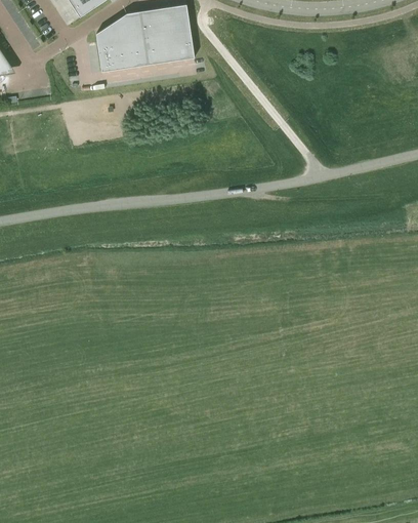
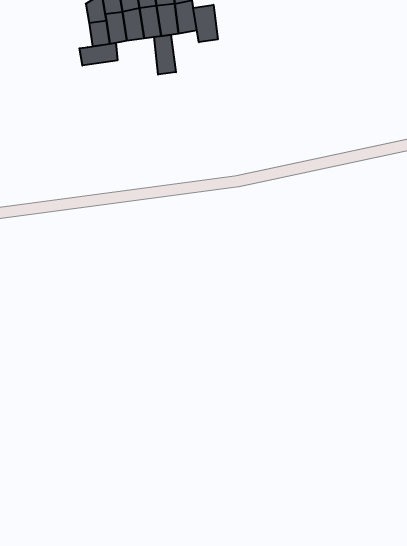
building: none -> [193,5,218,42]
building: none -> [154,35,176,75]
building: none -> [79,43,117,66]

